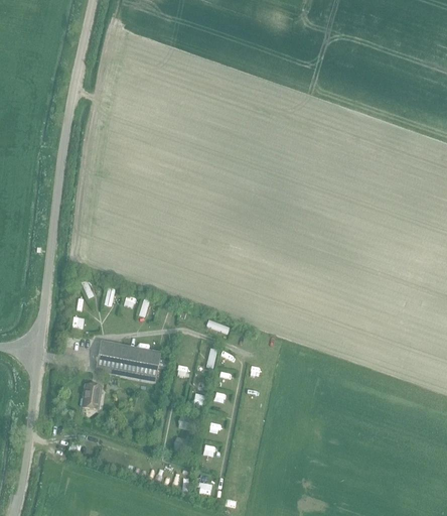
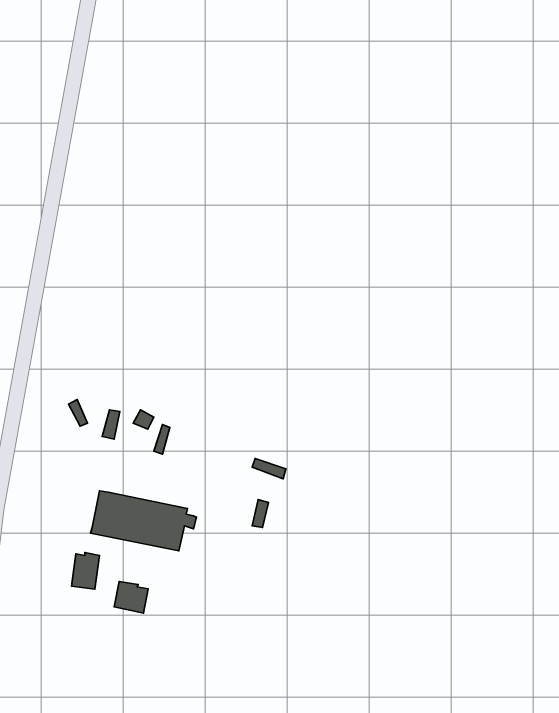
building: none -> [114,582,148,613]

